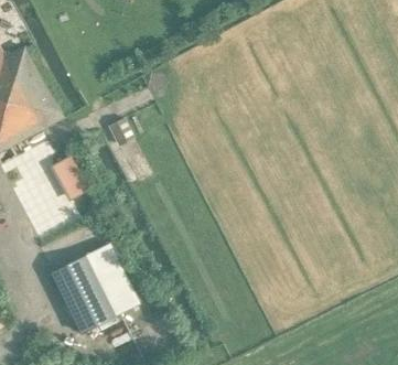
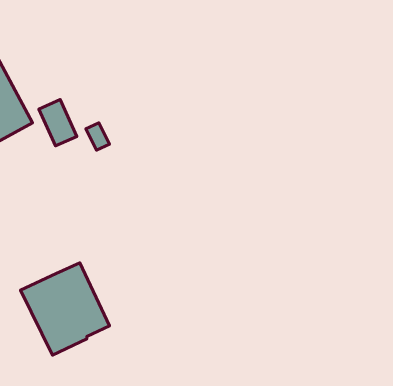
building: [54,153,89,196] -> [39,100,77,146]

